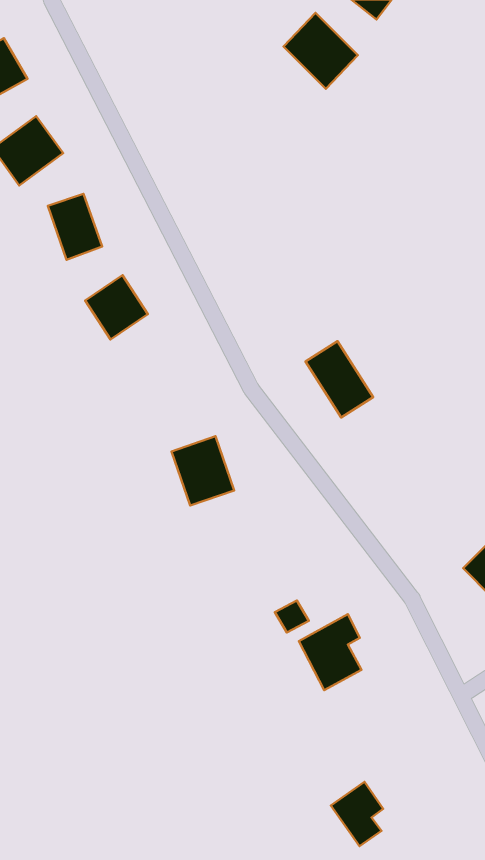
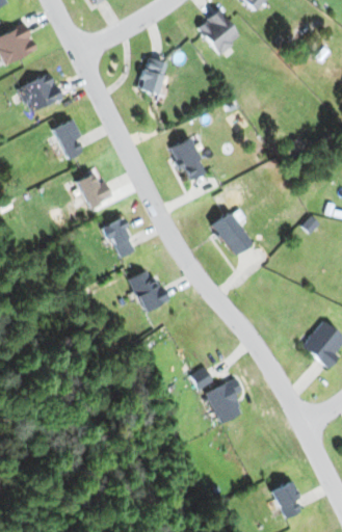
building: none -> [133,55,168,96]
building: none -> [168,137,204,181]
building: none -> [101,218,135,256]
building: [331,782,383,846] -> [269,479,301,518]

